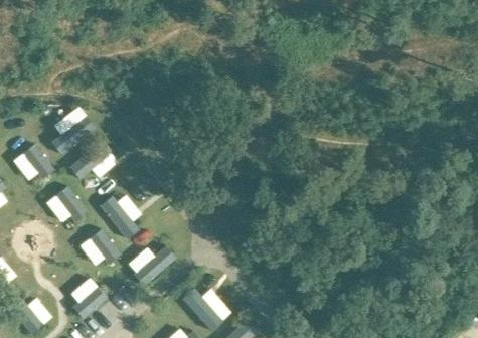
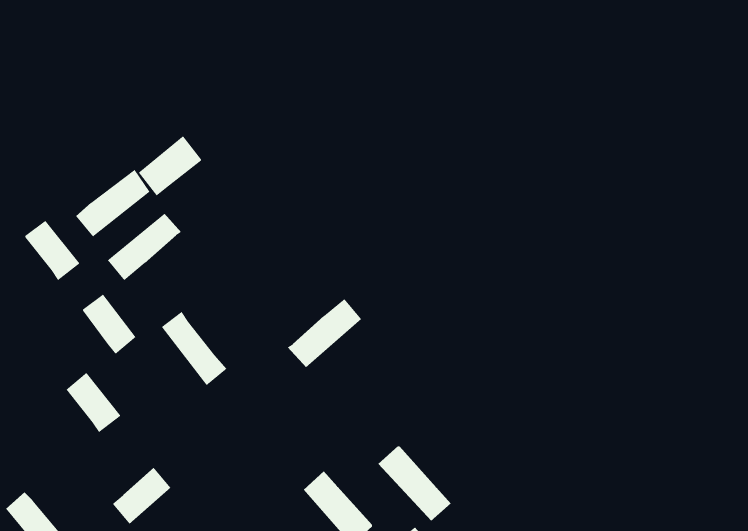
building: none -> [138,135,202,197]
building: [89,228,121,264] -> [65,372,121,433]
building: [133,245,176,286] -> [287,298,362,368]
building: none -> [377,445,452,522]

